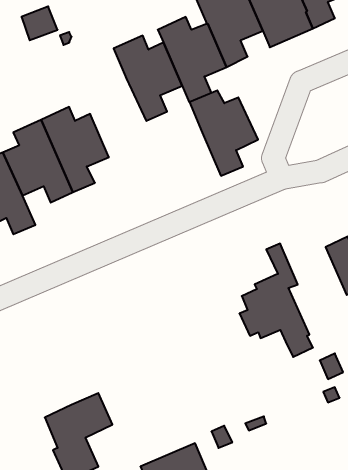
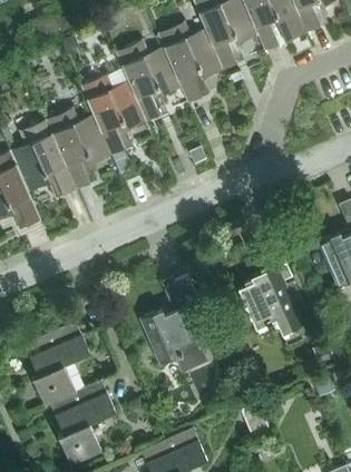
building: [189,90,258,176] -> [81,75,147,156]
building: none -> [142,276,208,371]
building: none -> [25,322,90,406]

